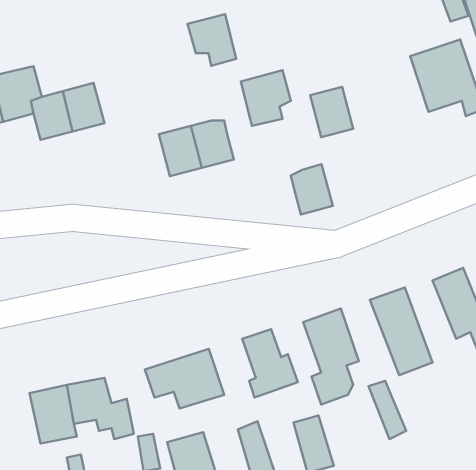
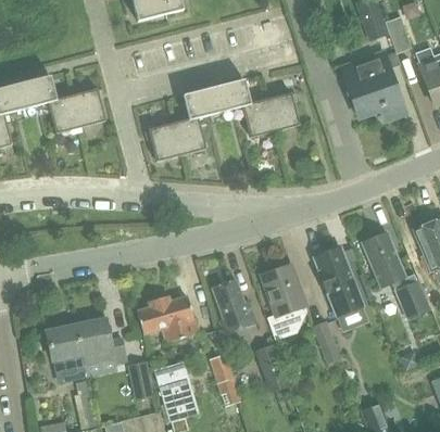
building: [188,14,236,66] -> [183,87,221,127]
building: [291,164,333,214] -> [242,98,275,137]

